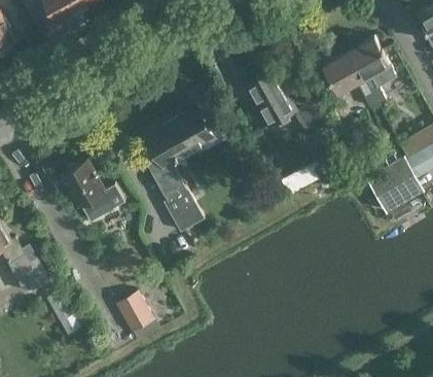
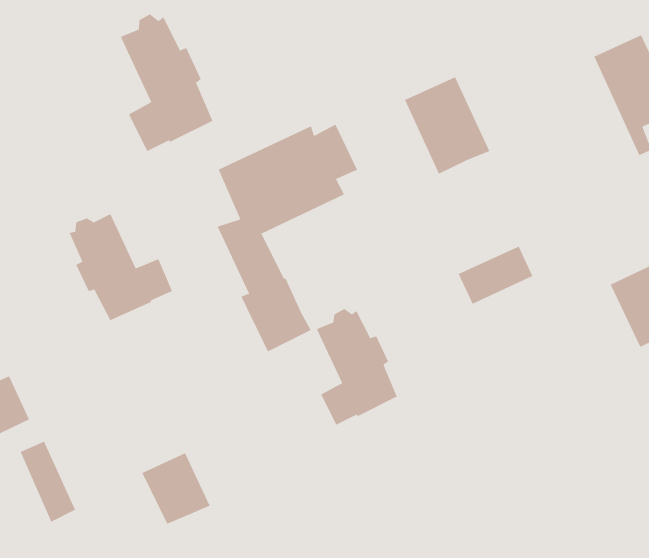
building: none -> [121,13,213,152]
building: [322,52,378,109] -> none
building: none -> [317,308,398,425]

